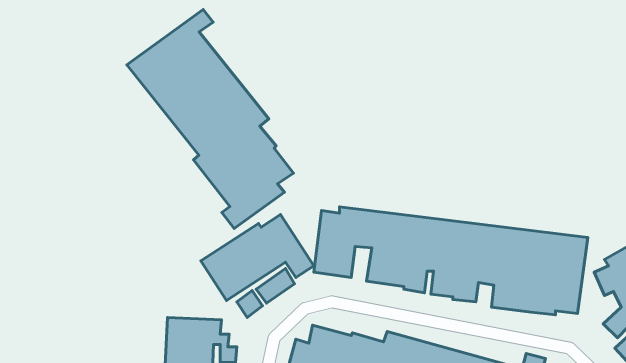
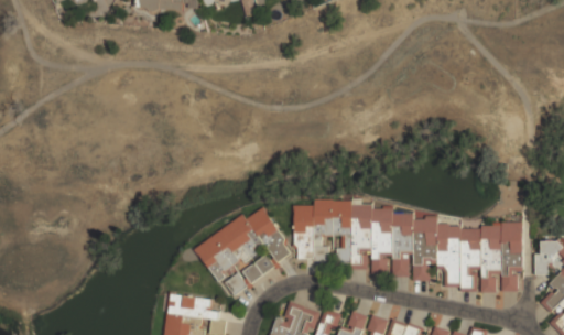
building: [127,10,294,228] -> none

